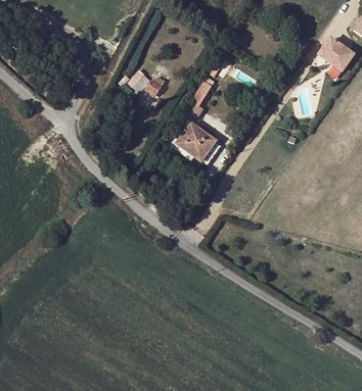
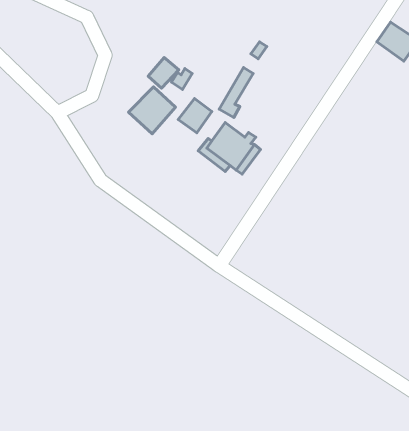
building: none -> [129,87,175,134]
building: none -> [178,99,212,133]

